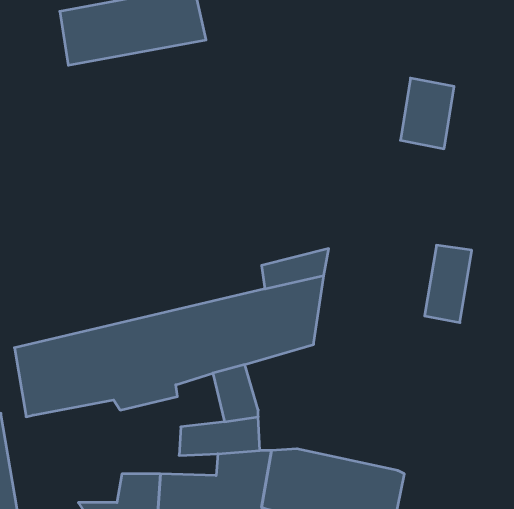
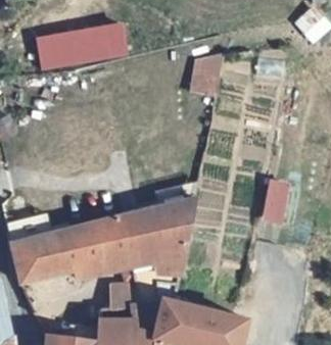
building: [400,78,454,149] -> [187,55,220,98]
building: none -> [149,239,191,279]

